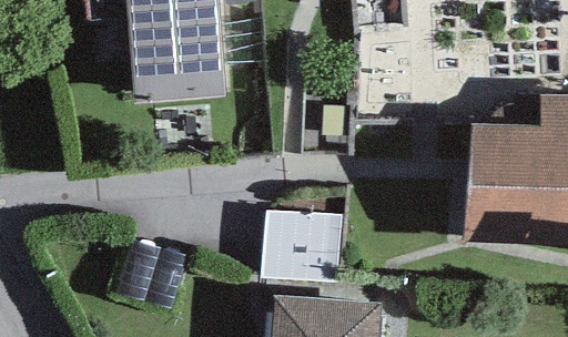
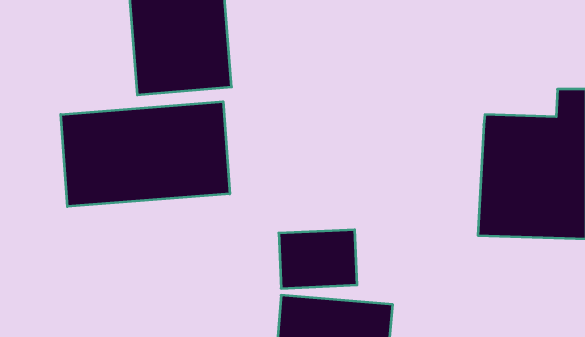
building: none -> [61,102,230,207]

